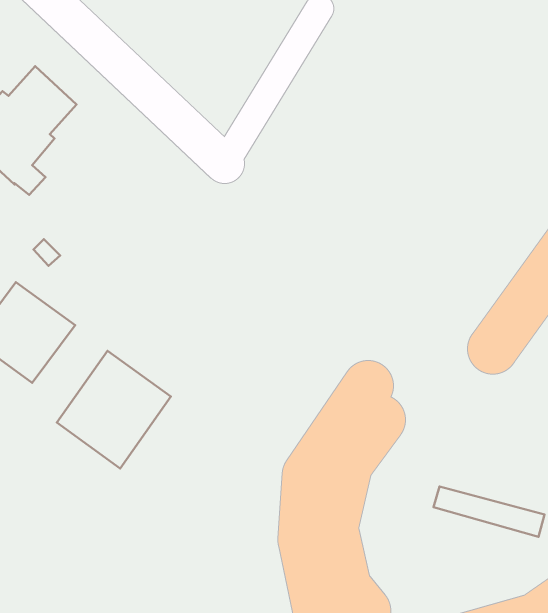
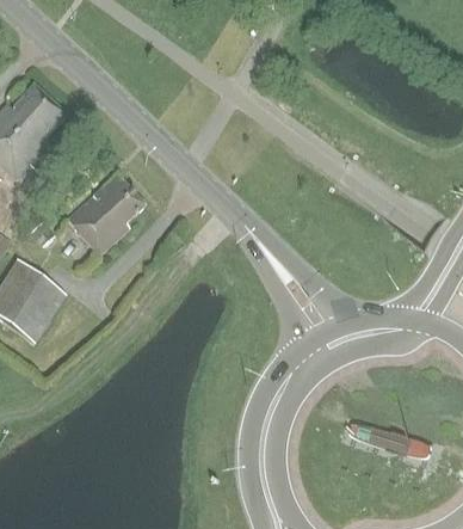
building: none -> [67,174,146,254]
building: [57,351,171,468] -> none

